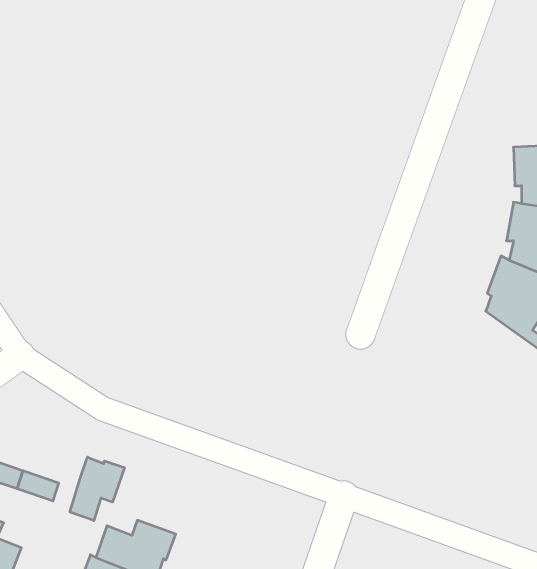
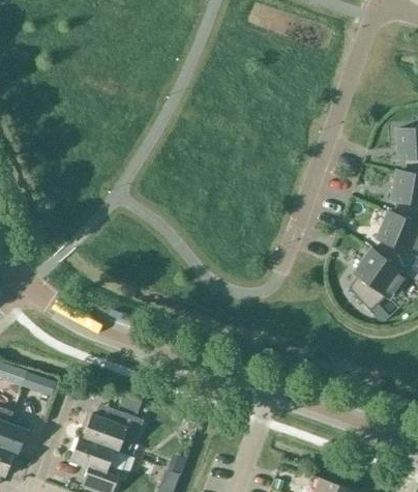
building: none -> [348,249,406,310]
building: [70,457,124,521] -> none

